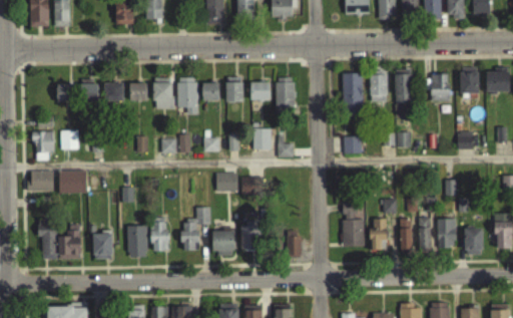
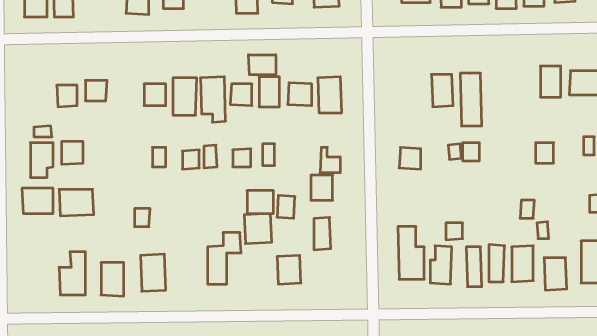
building: none -> [248,55,276,75]
building: [343,72,364,114] -> none
building: [426,73,451,100] -> none
building: [105,82,125,102] -> none
building: [253,128,272,149] -> [311,175,333,200]
building: [41,219,57,259] -> none
building: [152,219,168,251] -> none
building: [212,230,235,255] -> [244,214,272,244]
building: [288,230,302,257] -> [314,217,331,250]

